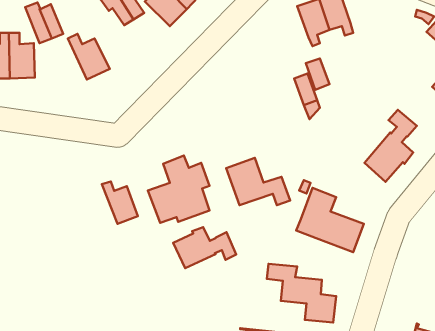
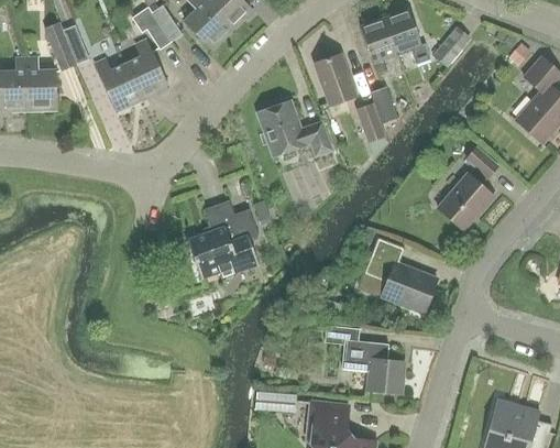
building: none -> [432,25,471,67]
building: none -> [125,39,168,98]
building: none -> [315,52,356,105]
building: [226,158,290,205] -> [257,99,331,154]
building: [102,182,138,224] -> none
building: [173,227,236,268] -> none

